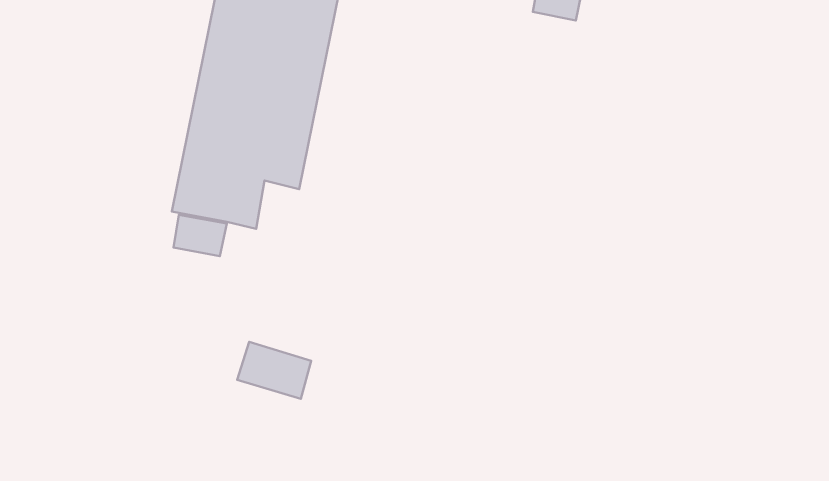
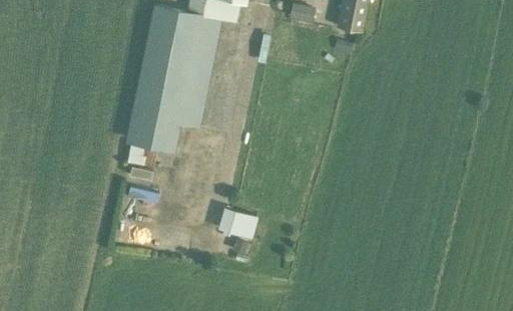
building: [237,342,311,399] -> [213,207,256,240]

